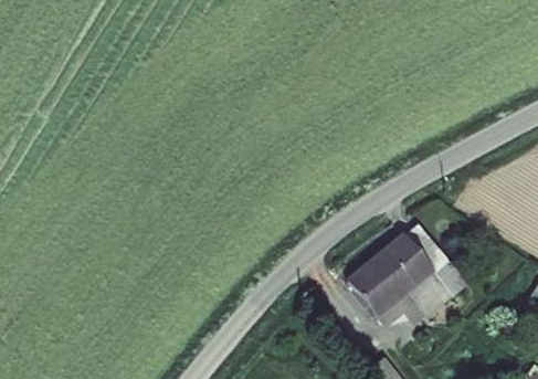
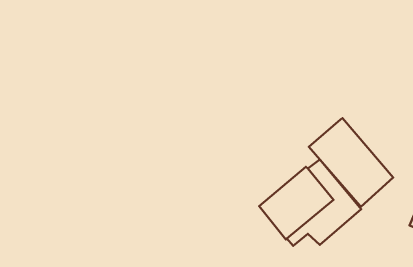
building: none -> [309,118,393,207]

